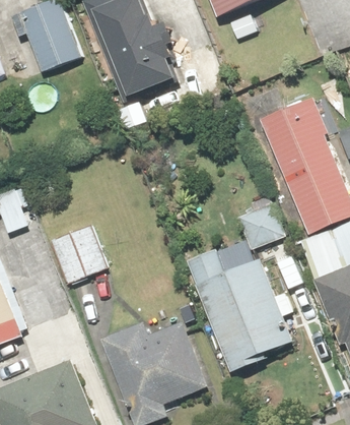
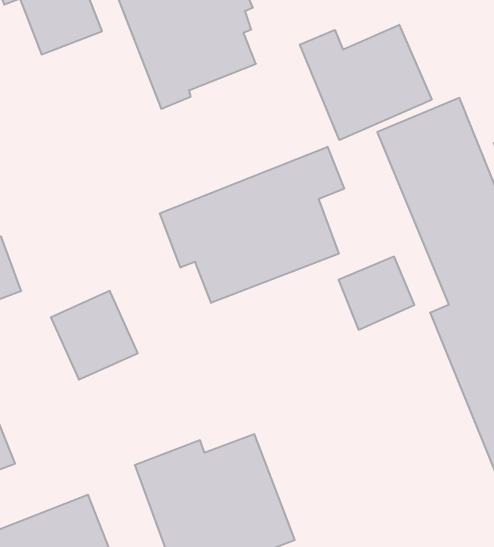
building: none -> [300,25,432,140]
building: none -> [160,147,344,303]
building: [188,247,292,373] -> none

